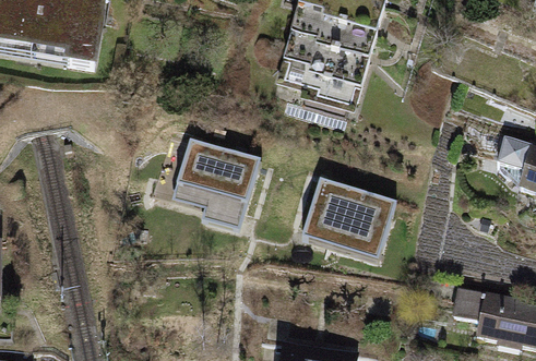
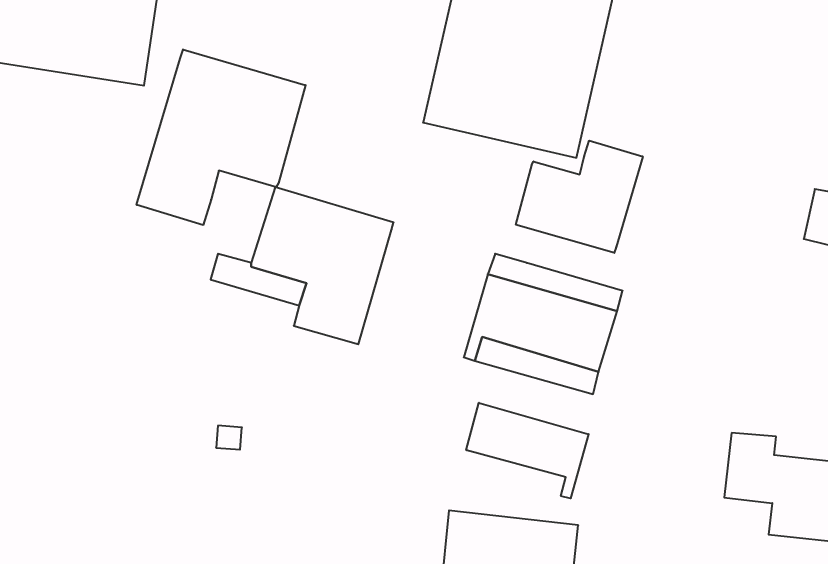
building: none -> [137,49,306,225]
building: none -> [516,141,643,253]
building: none -> [466,403,589,498]

